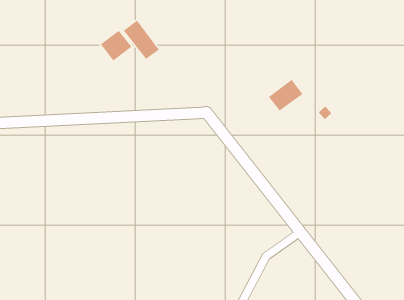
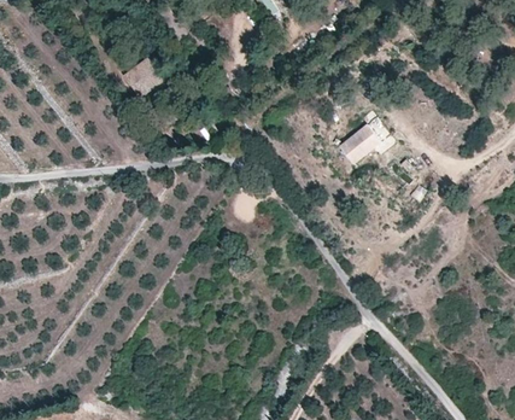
building: [123,20,160,60] -> none

